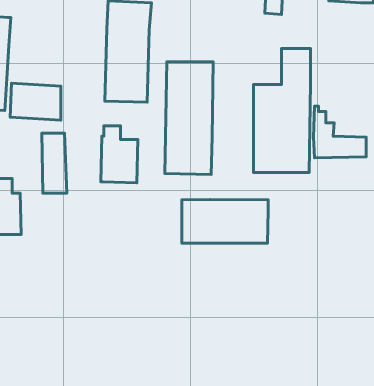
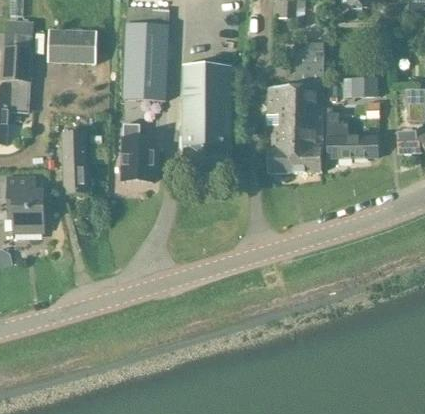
building: none -> [342,76,377,95]
building: [10,83,61,120] -> [47,28,96,64]
building: [182,199,268,243] -> none

